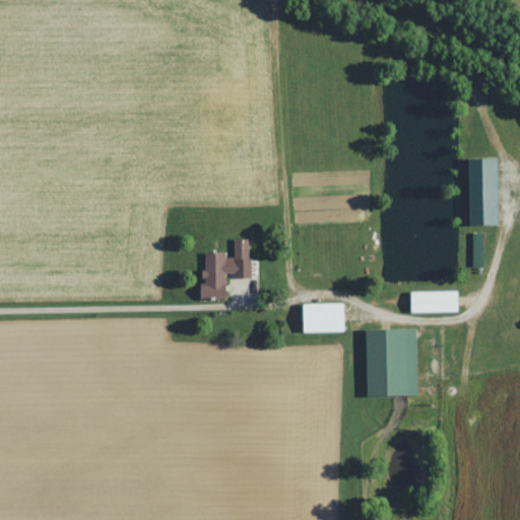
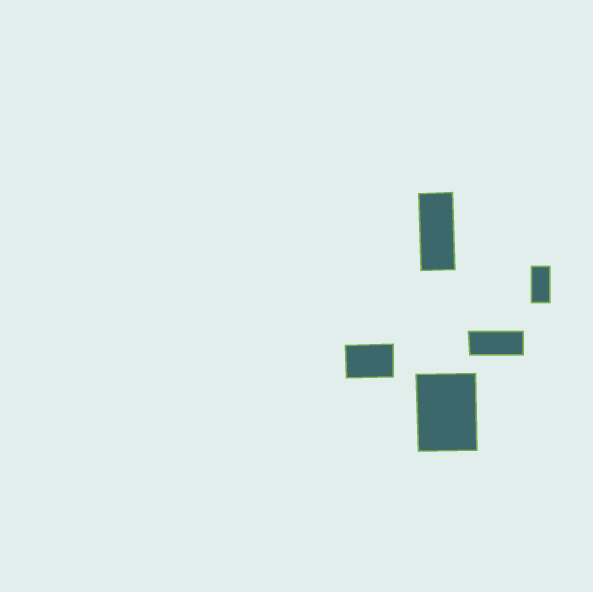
building: [468,157,500,225] -> [419,193,455,271]
building: [200,249,249,299] -> none

